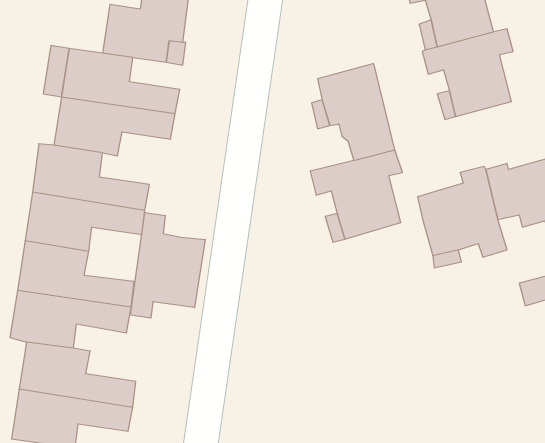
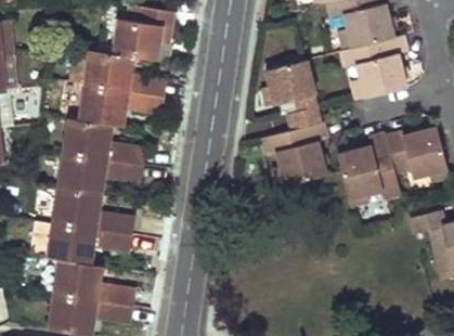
building: [131,212,205,318] -> none

